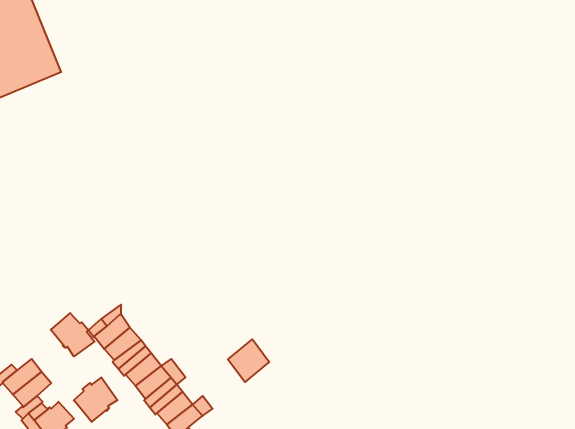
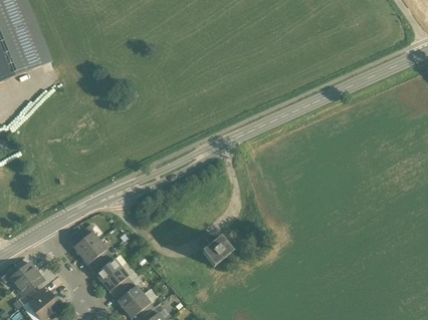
building: [51,313,95,356] -> none
building: [228,339,269,382] -> [201,237,230,267]
building: [74,377,117,422] -> none

